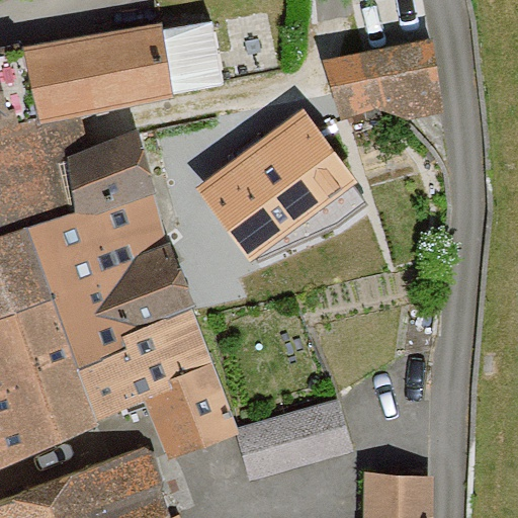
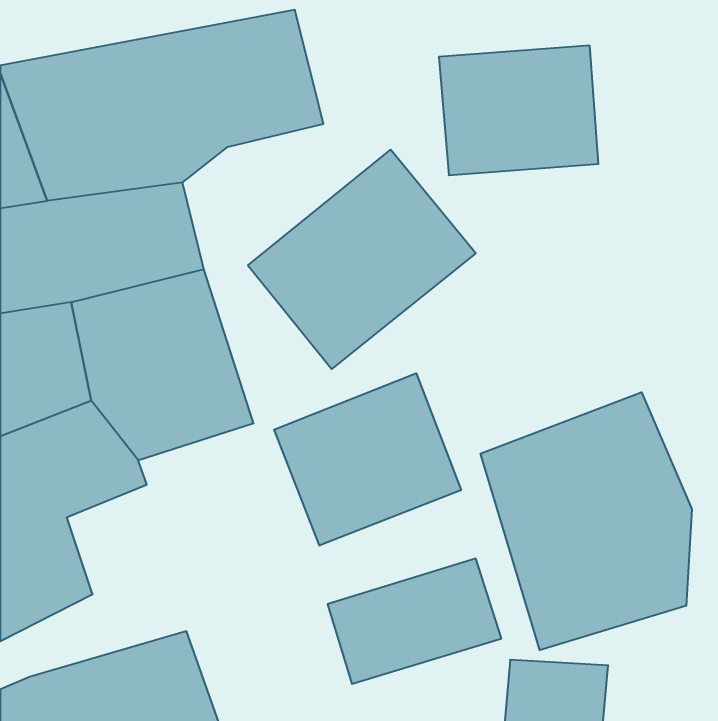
building: none -> [274,373,461,546]
building: none -> [481,392,692,650]
building: [55,306,237,458] -> none

